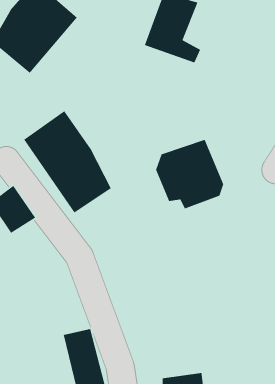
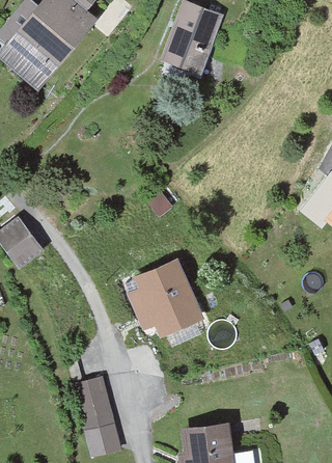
building: [23,110,112,214] -> none
building: [155,139,224,209] -> [125,260,200,337]

